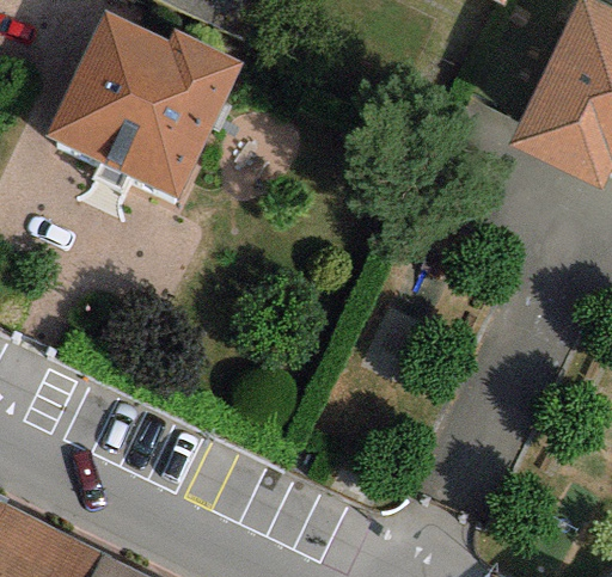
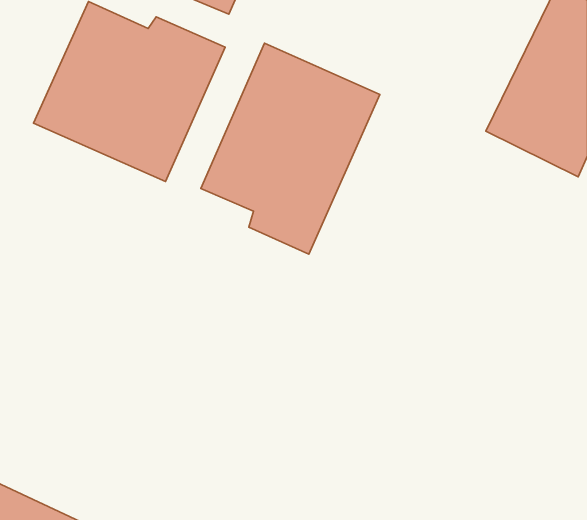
building: none -> [201,43,380,254]

